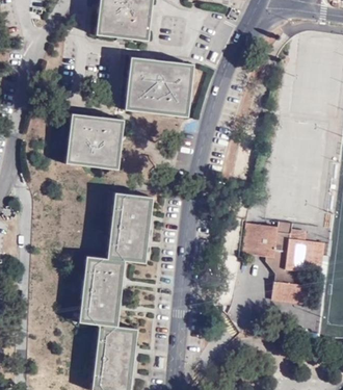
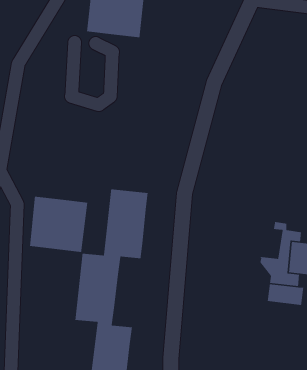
building: [123,57,191,118] -> none
building: [65,111,124,167] -> [29,196,88,253]
building: [242,227,286,258] -> none

